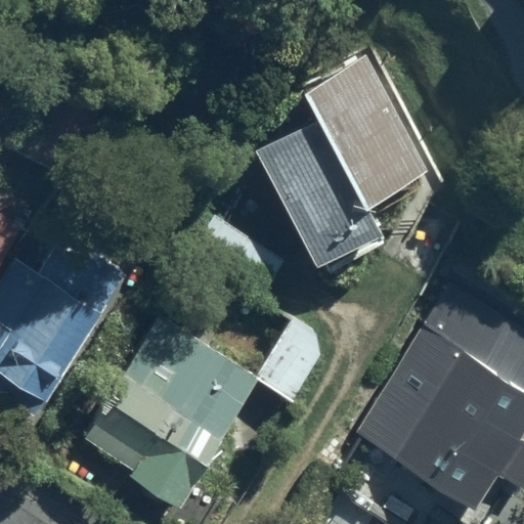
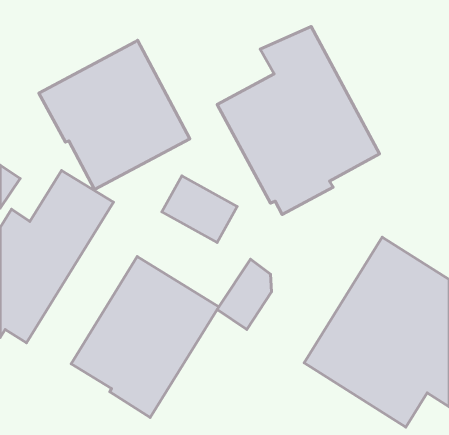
building: none -> [39,40,190,189]

